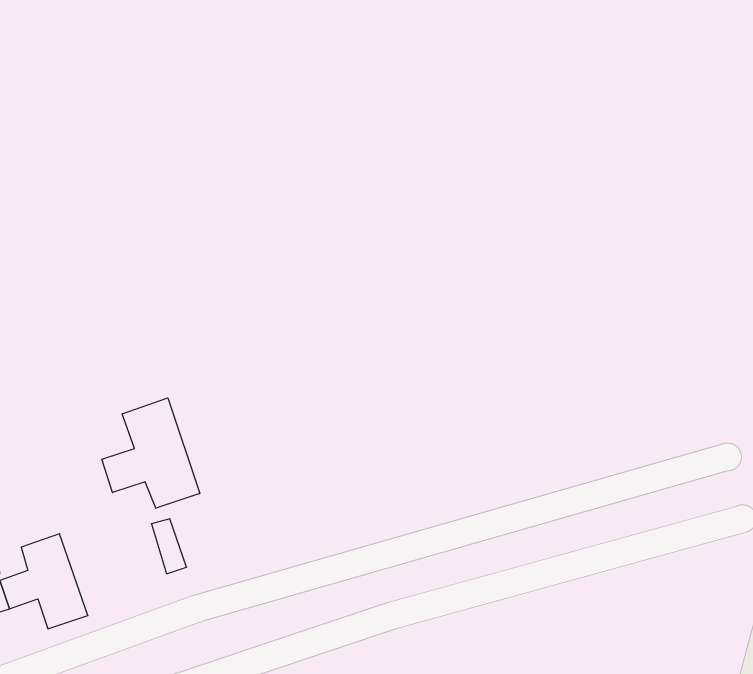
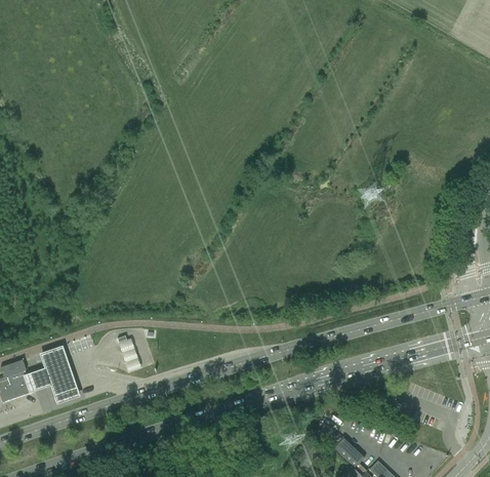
building: [102,398,200,508] -> none

